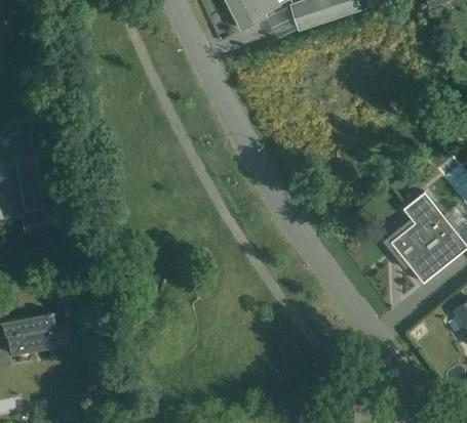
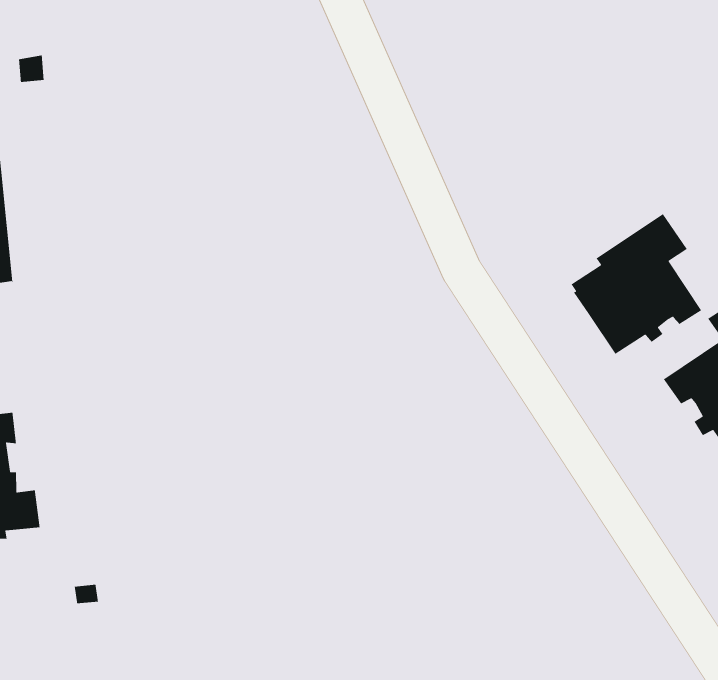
building: none -> [570,213,702,355]

